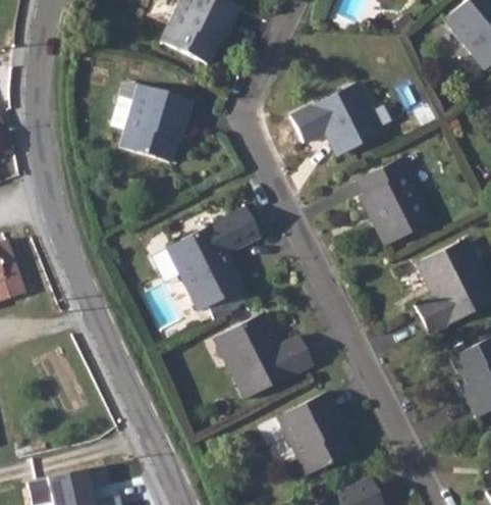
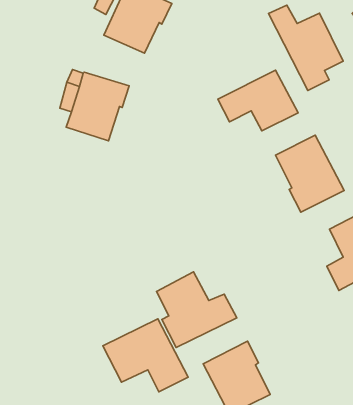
building: none -> [269,5,343,90]
building: [166,207,261,318] -> none
building: none -> [103,319,188,392]

